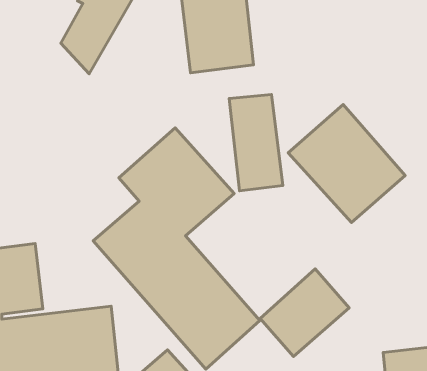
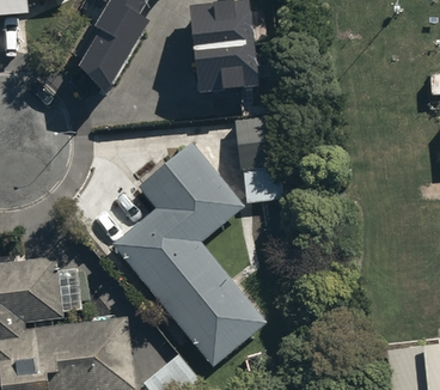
building: [288,105,405,223] -> none
building: [260,269,349,357] -> none

